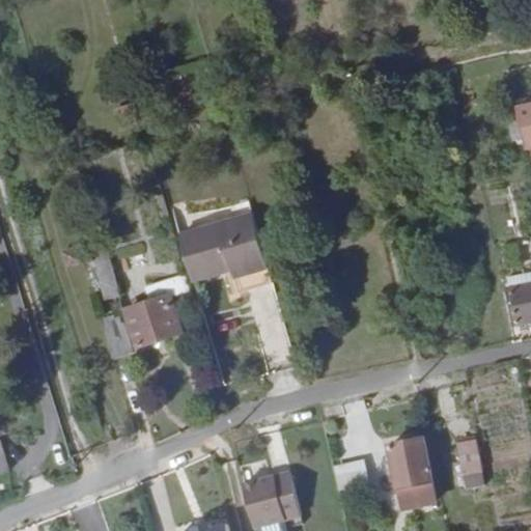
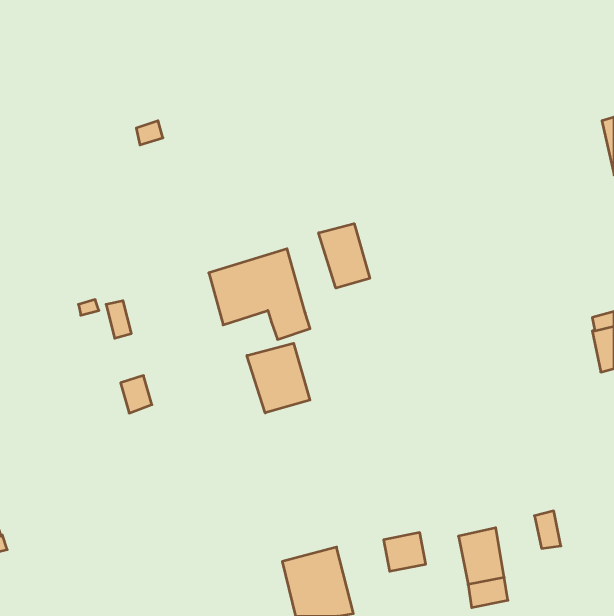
building: none -> [319,224,370,288]
building: [122,290,176,341] -> none
building: none -> [247,343,310,413]

